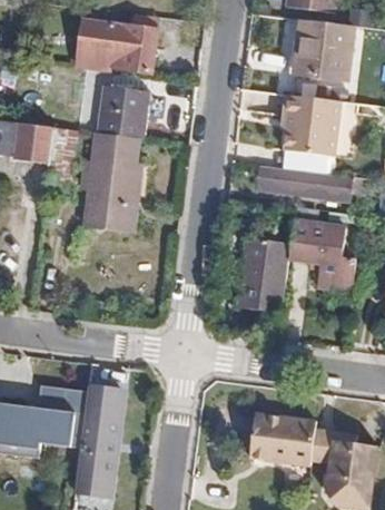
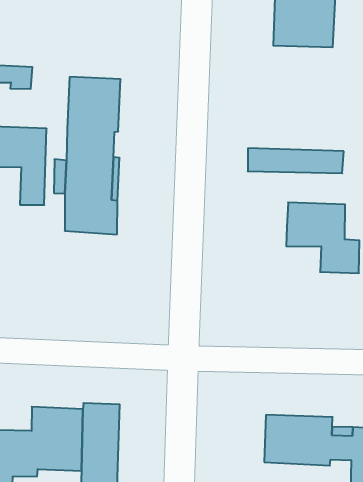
building: [70,18,158,73] -> none
building: [286,95,344,157] -> none
building: [239,237,290,312] -> none

